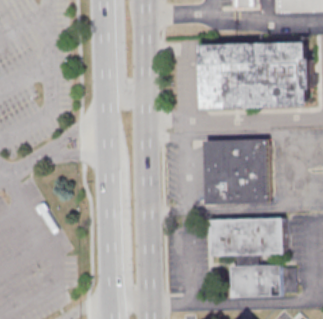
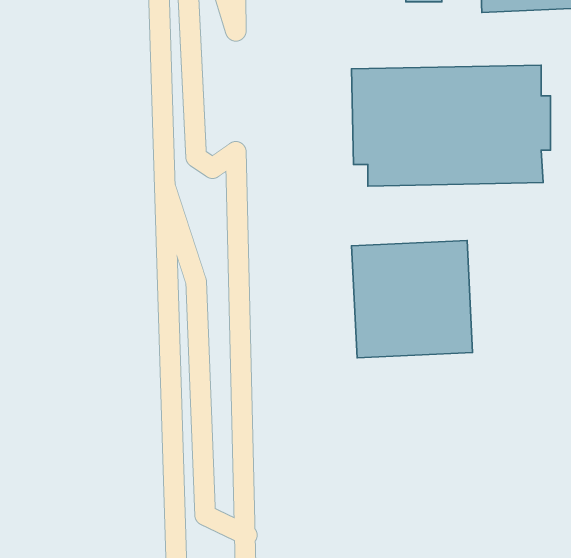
building: [208,218,291,296] -> none

